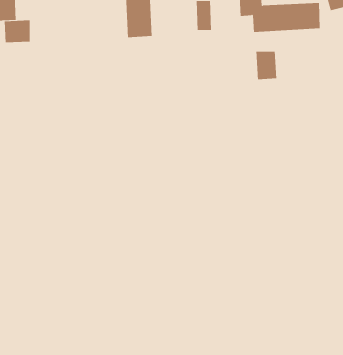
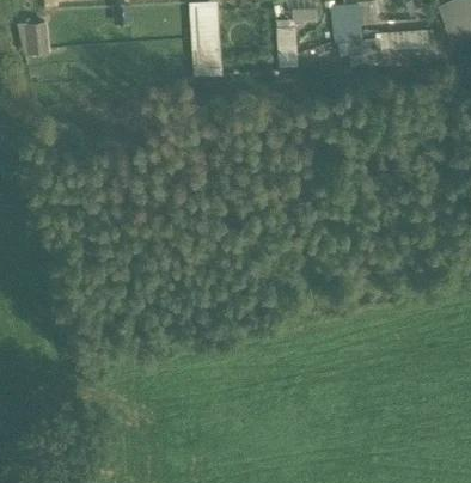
building: [4,20,30,43] -> none
building: [256,51,277,80] -> none

